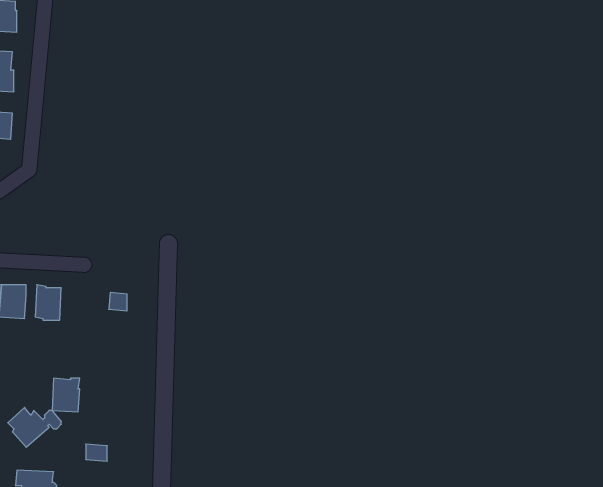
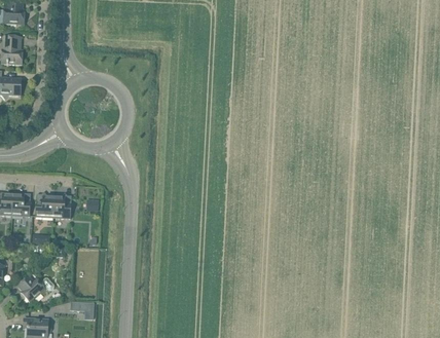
building: [52,378,80,412] -> [52,194,71,217]

